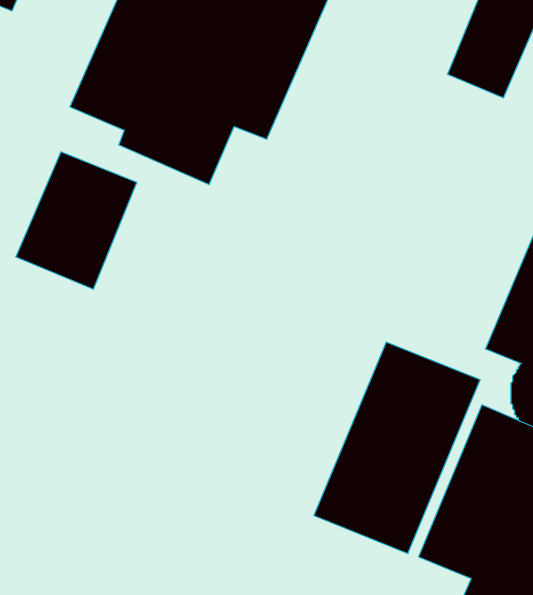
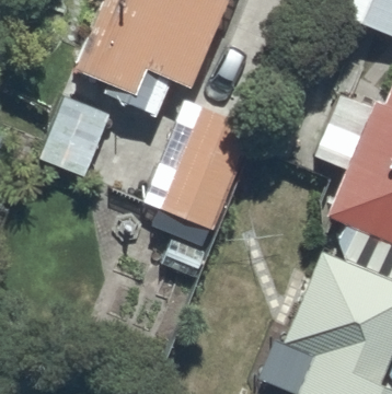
building: [314,342,480,554] -> [159,103,260,231]

